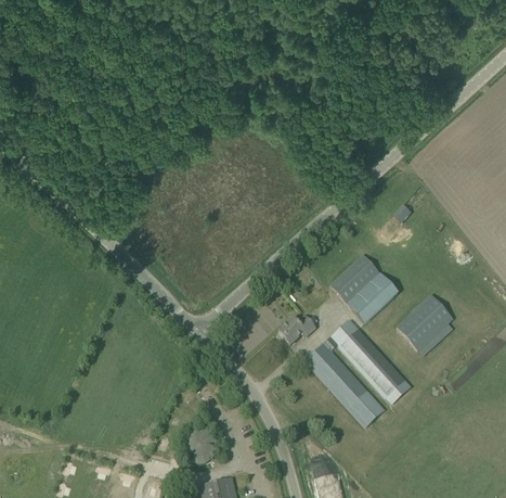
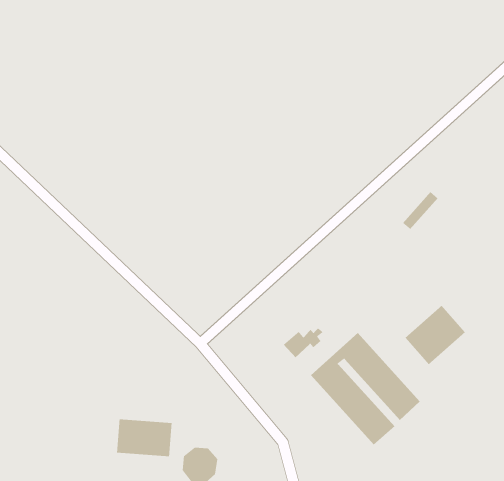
building: [330,255,400,328] -> none
building: none -> [116,418,172,457]

